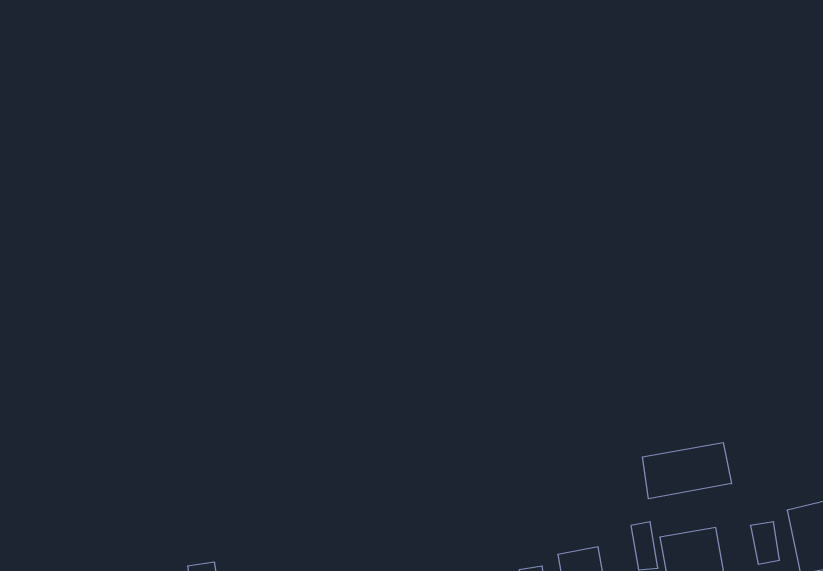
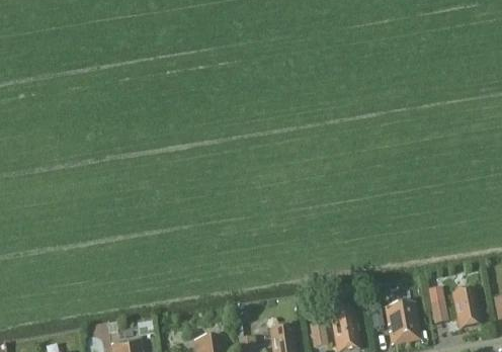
building: [642,443,731,499] -> none

